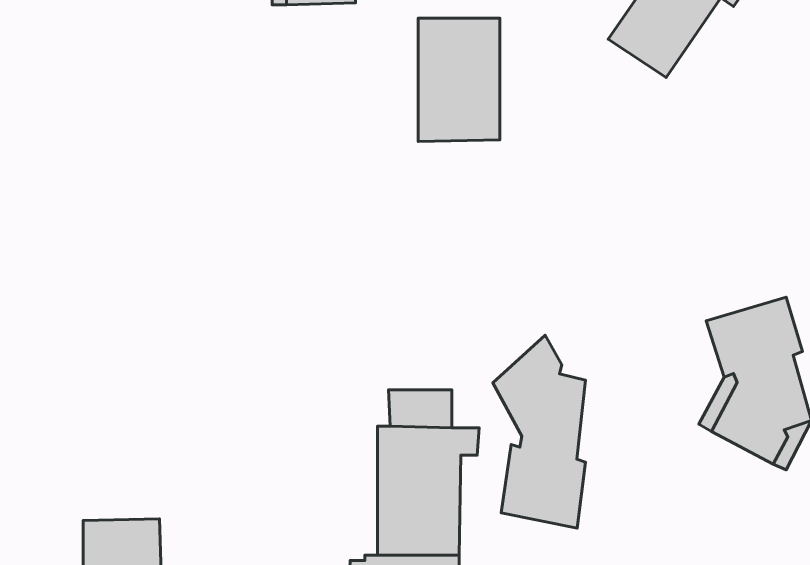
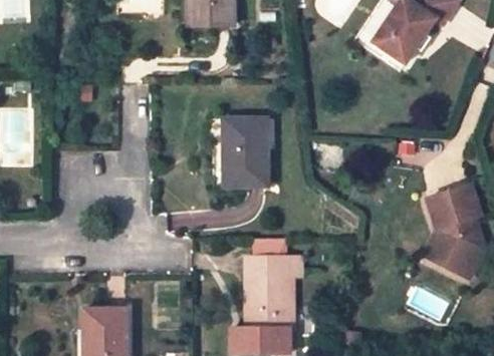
building: [418,18,500,142] -> [223,118,268,187]
building: [493,335,585,528] -> none

